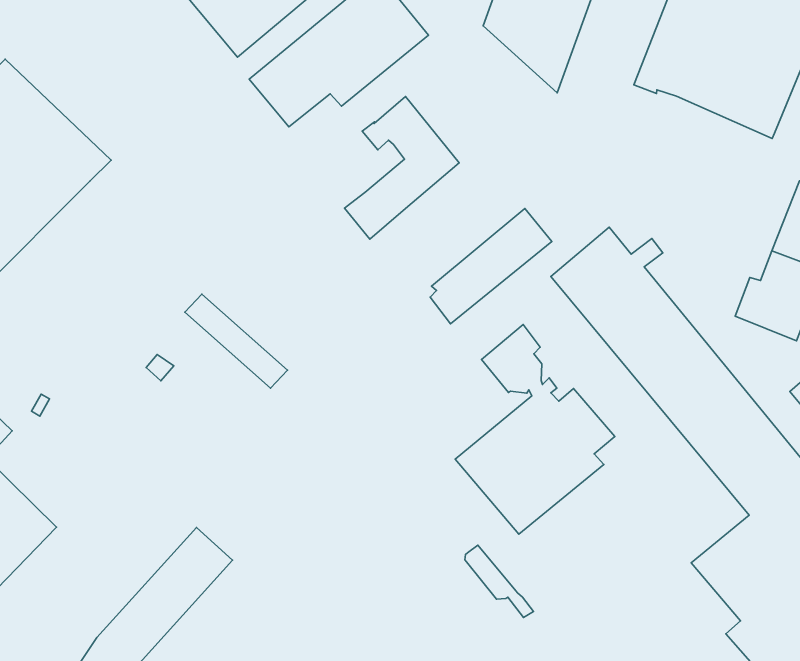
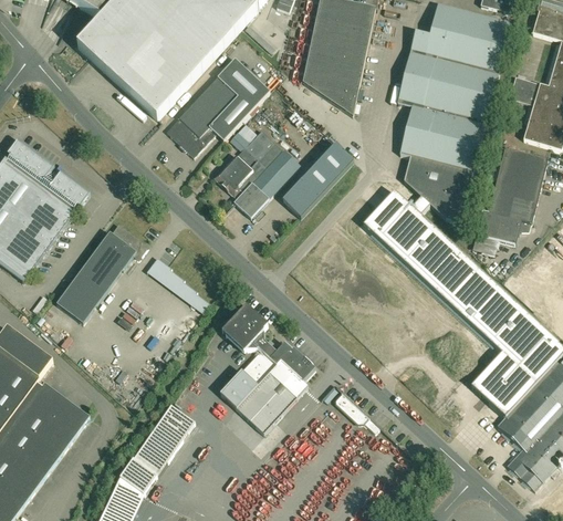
building: none -> [399,104,486,220]
building: none -> [213,154,265,197]
building: [430,208,552,324] -> [285,142,354,217]
building: none -> [55,222,146,322]
building: [455,325,615,534] -> [219,306,313,433]

